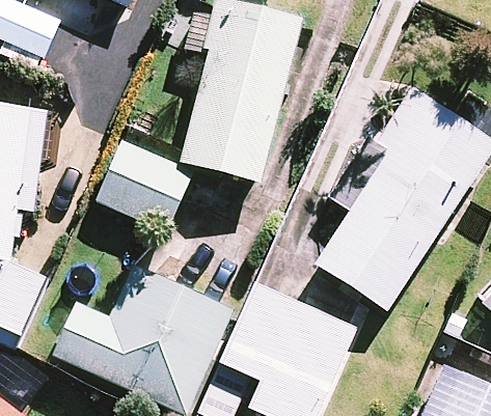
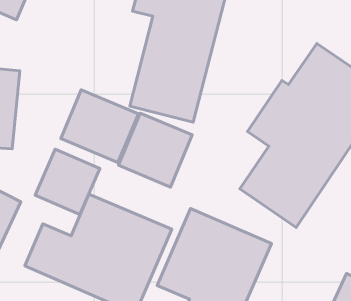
building: none -> [118,113,192,187]
building: none -> [35,149,100,214]

